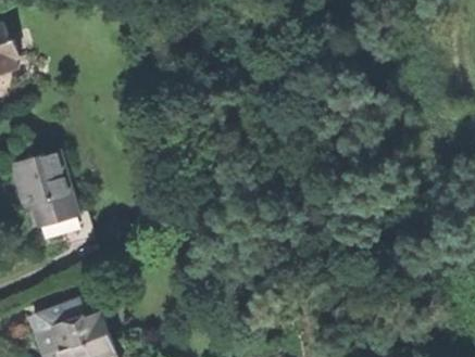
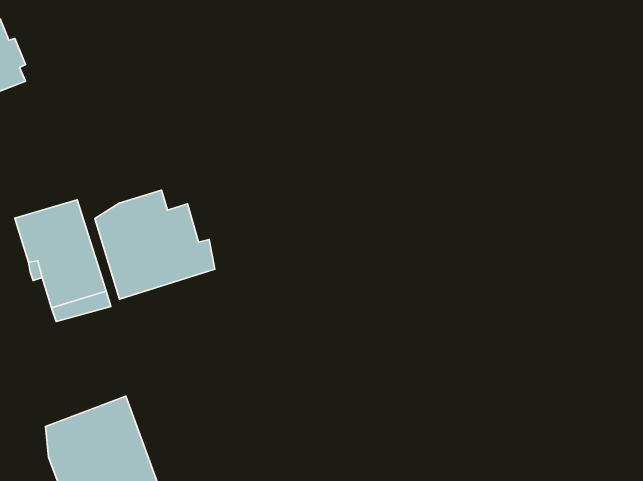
building: none -> [95,190,215,299]

